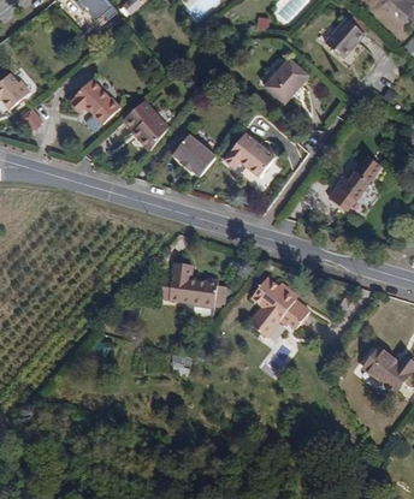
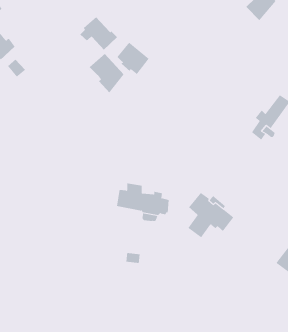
building: [264,58,310,105] -> none
building: [70,81,119,124] -> [79,17,118,50]
building: [223,133,274,177] -> none
building: [172,135,214,177] -> [117,42,149,75]

